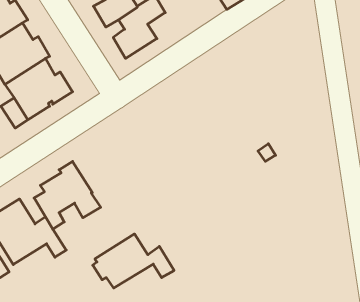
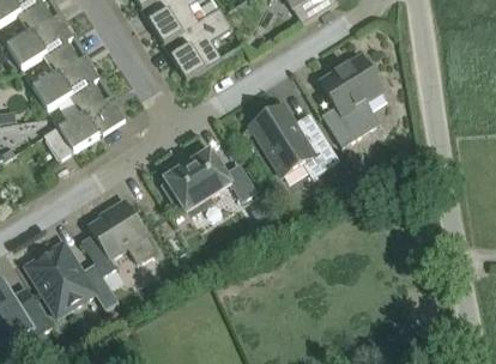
building: none -> [320,54,382,146]
building: none -> [249,103,339,176]
building: [93,234,174,288] -> [162,148,255,211]

